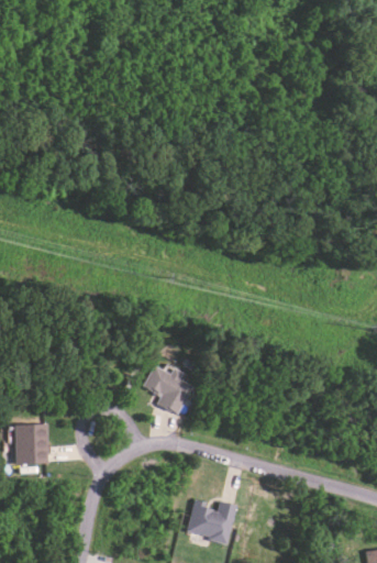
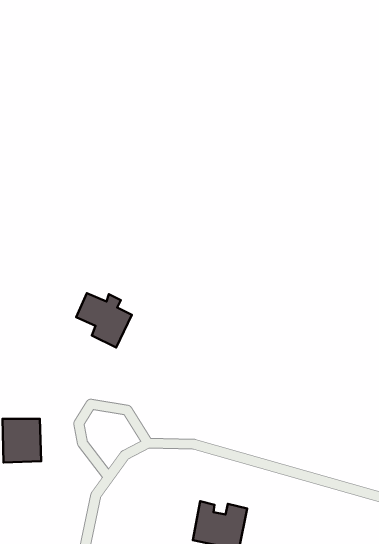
building: [143,366,193,416] -> [76,293,132,348]

